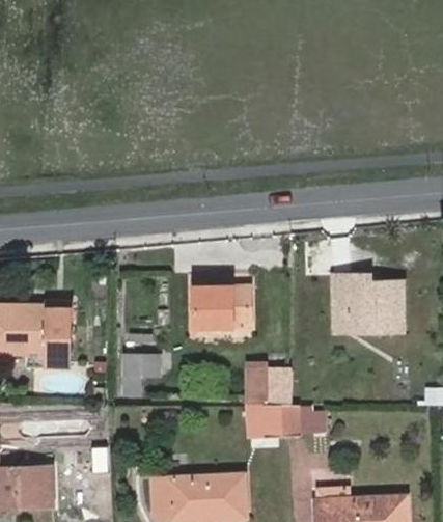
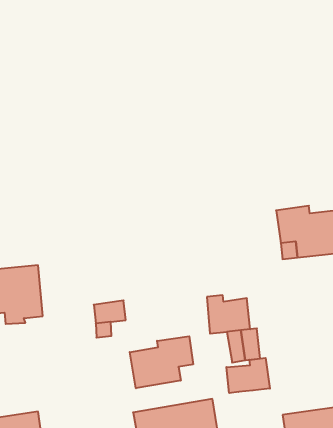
building: [195,284,251,325] -> none
building: none -> [130,336,193,388]
building: none -> [226,358,270,393]

